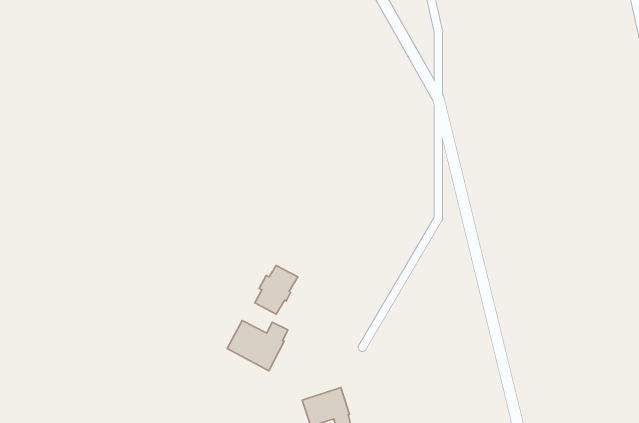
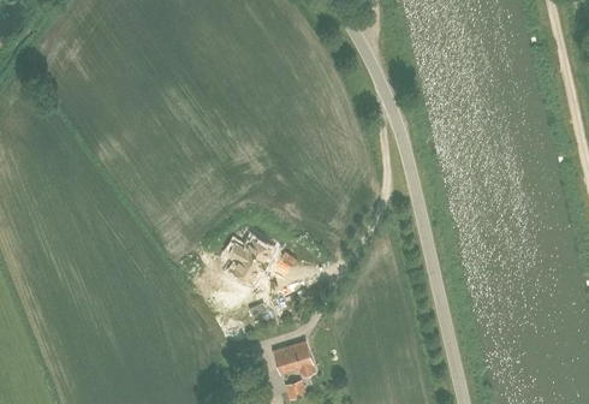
building: [227,321,288,371] -> none

